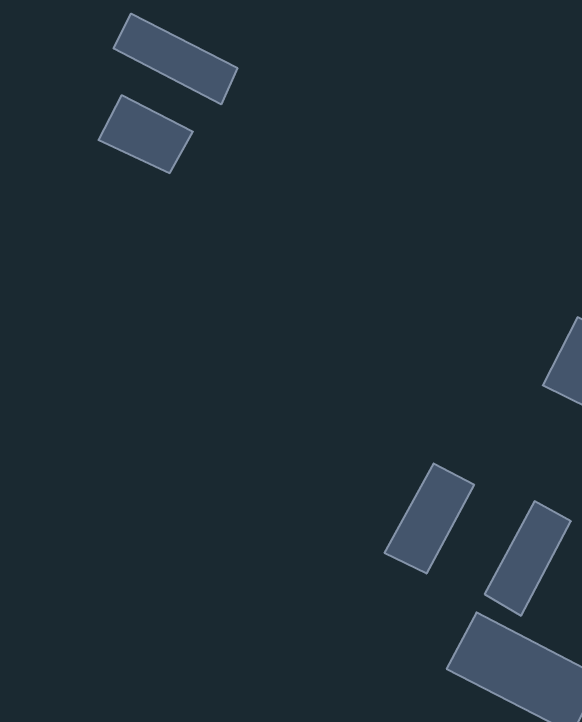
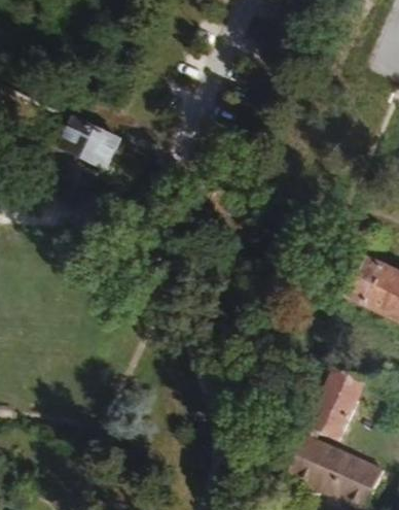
building: [114,14,237,104] -> none
building: [385,463,474,574] -> none

